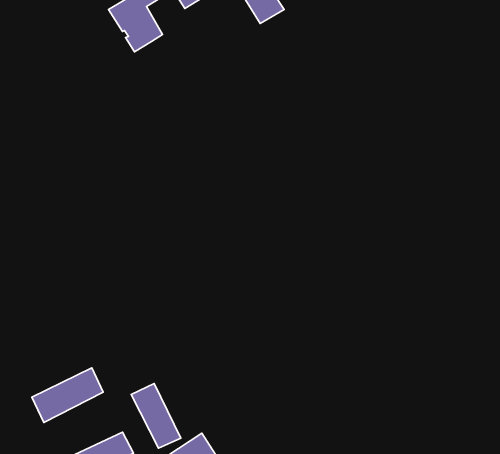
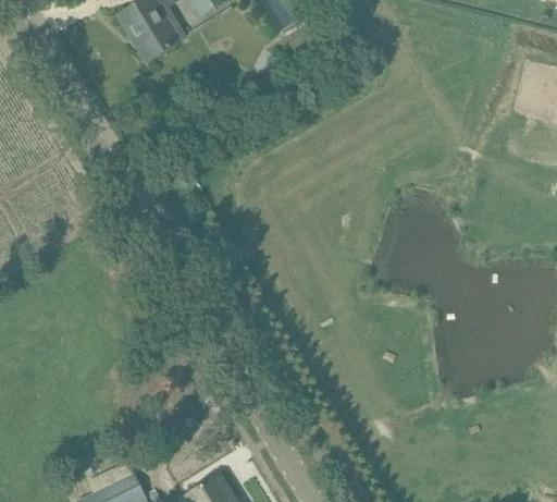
building: [32,368,103,422] -> none
building: [131,383,181,448] -> none

